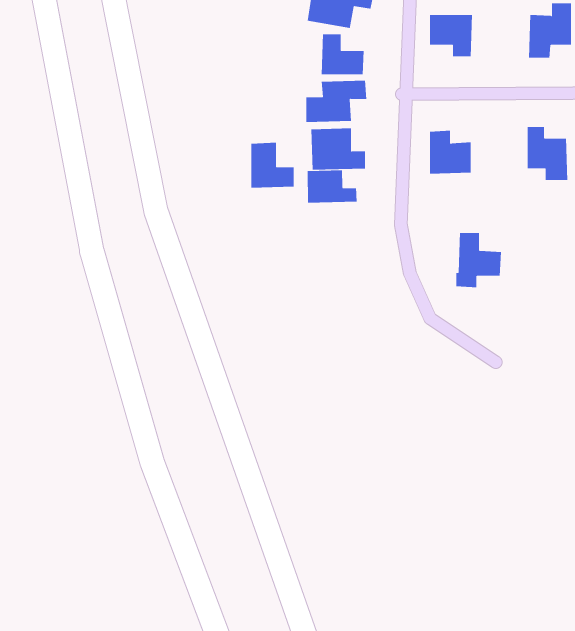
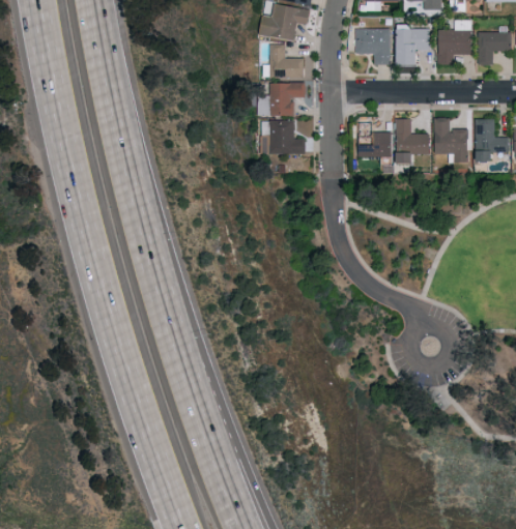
building: none -> [392,24,431,64]
building: [251,142,294,188] -> none
building: [307,170,357,204] -> none
building: [455,232,502,288] -> [393,119,430,164]

